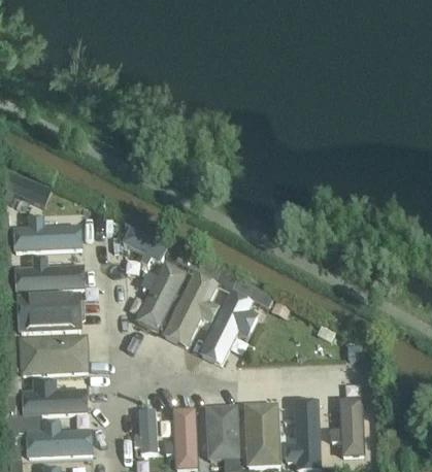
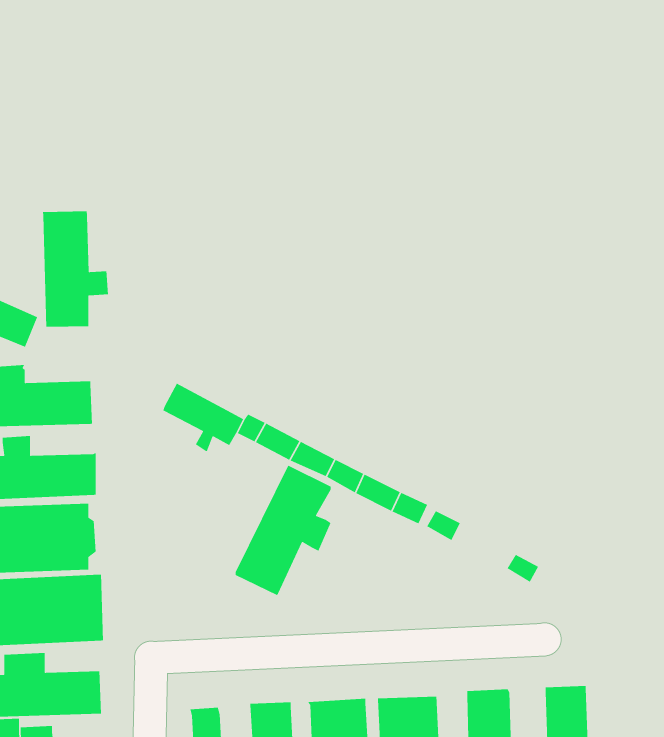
building: none -> [42,210,109,328]
building: [135,260,188,331] -> none
building: [199,291,258,365] -> none

